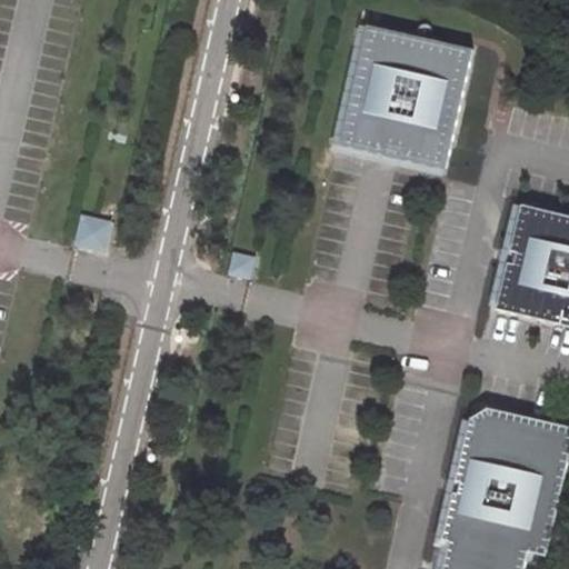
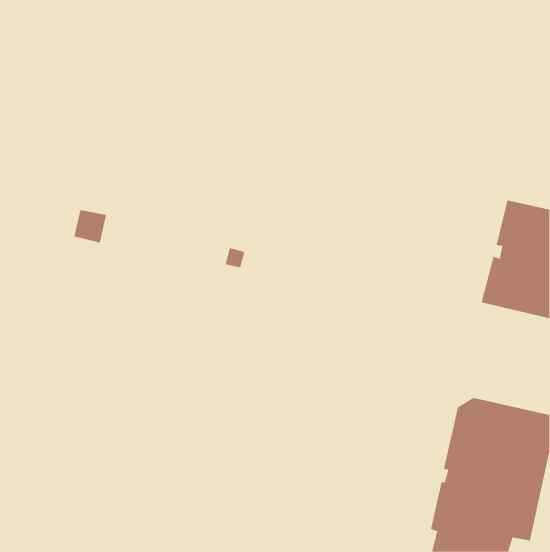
building: [339,23,471,167] -> none

